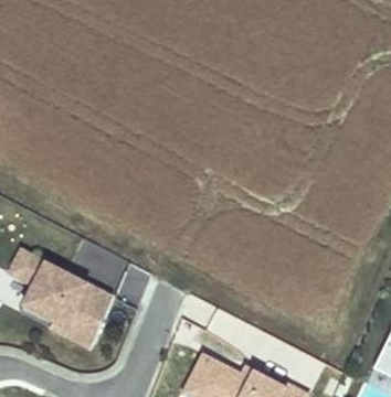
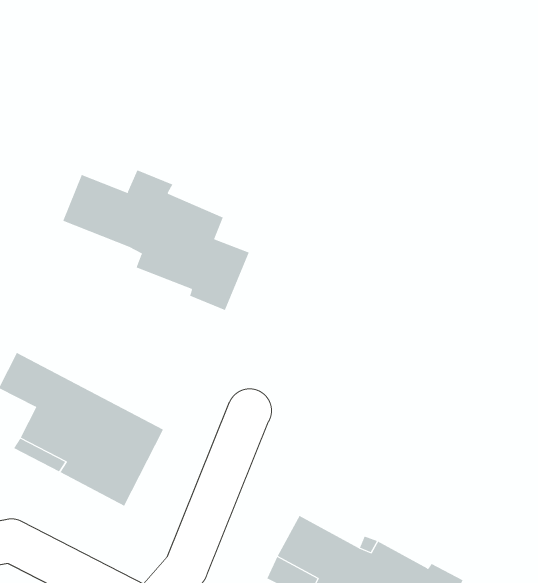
building: none -> [62,169,249,311]

